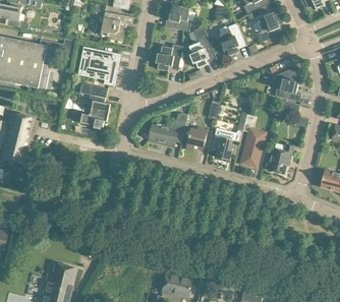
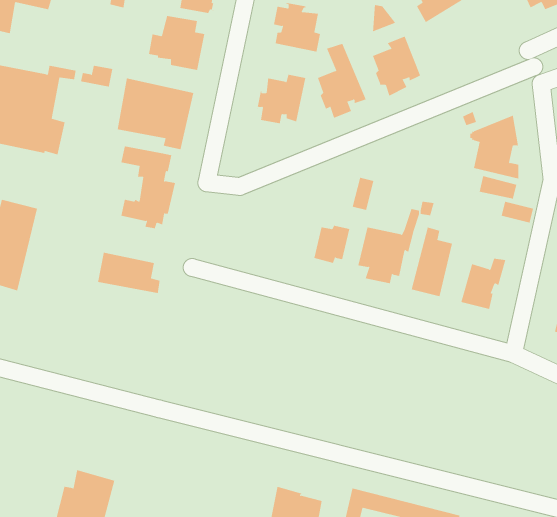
building: [257,12,285,42] -> none
building: [148,113,187,146] -> none
building: none -> [97,252,160,294]

